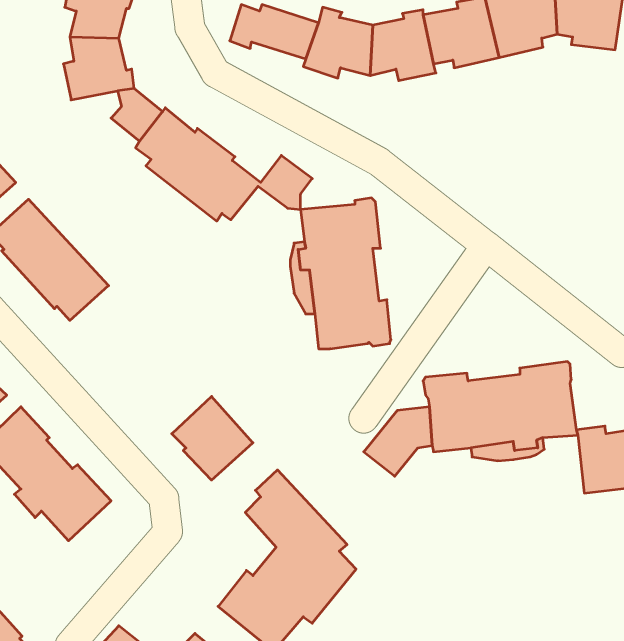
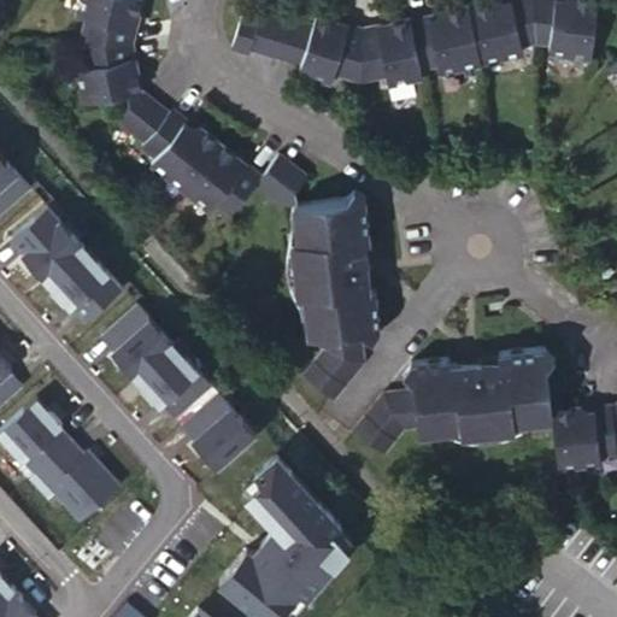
building: none -> [96,296,207,412]
building: none -> [306,335,364,404]

